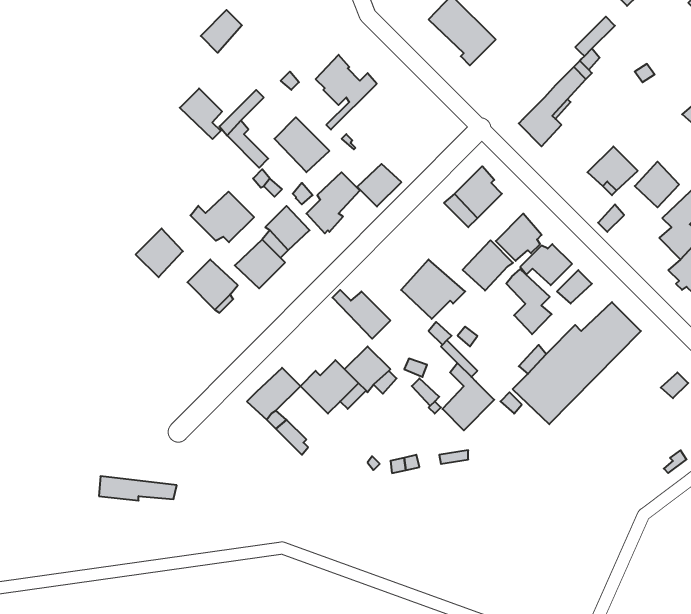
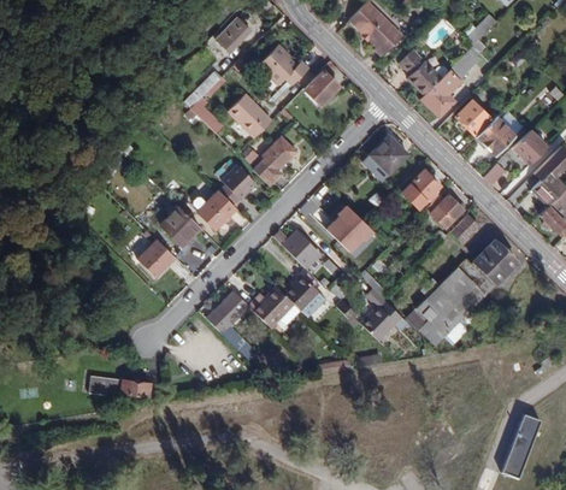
building: [201,10,242,53] -> [217,18,249,52]
building: none -> [399,49,449,95]
building: [180,88,222,139] -> none
building: none -> [455,100,490,135]
building: [357,164,401,207] -> [305,71,340,105]
building: [190,192,254,242] -> none
building: [136,228,183,277] -> [136,238,173,277]
building: [463,240,513,291] -> none
building: [506,269,552,334] -> none
building: none -> [505,417,543,479]

